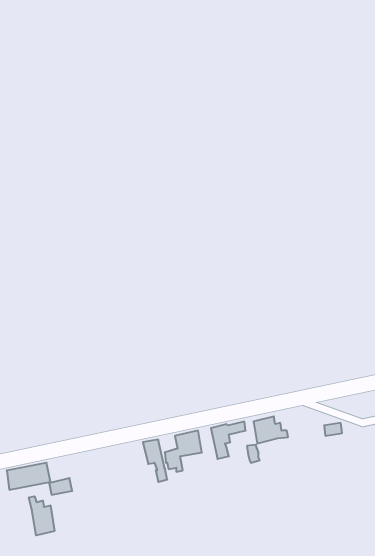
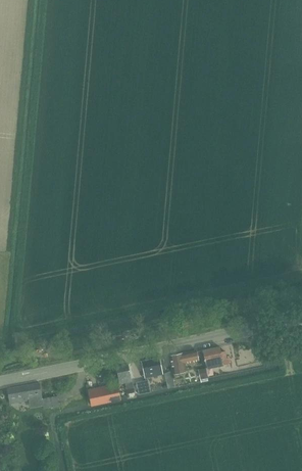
building: none -> [88,384,120,406]
building: [29,496,54,535] -> none

